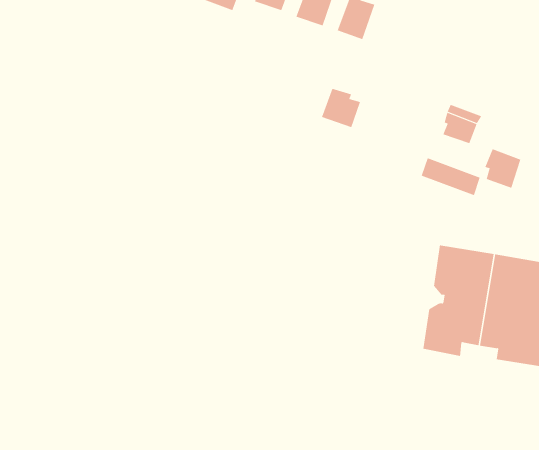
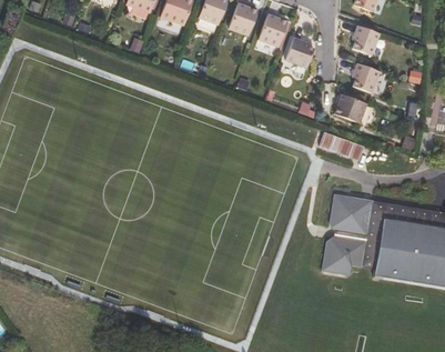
building: none -> [353,23,381,53]
building: [321,88,361,128] -> [285,37,314,66]
building: [484,149,521,188] -> [353,61,380,90]

